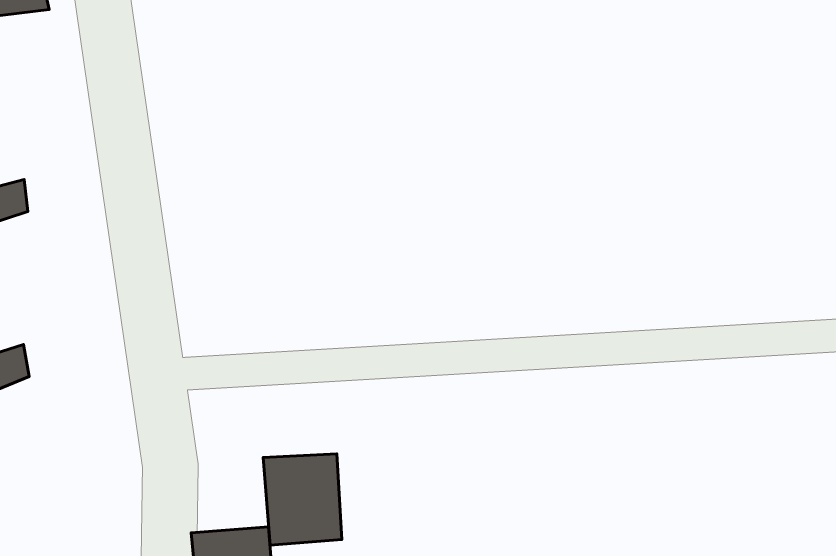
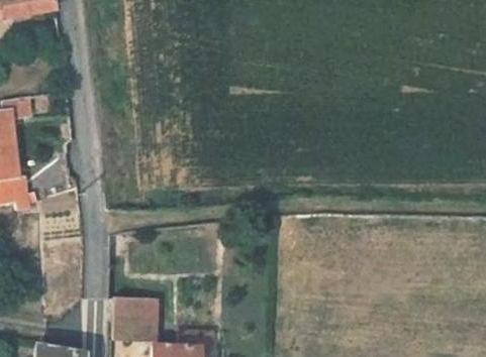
building: [263,454,342,545] -> none

